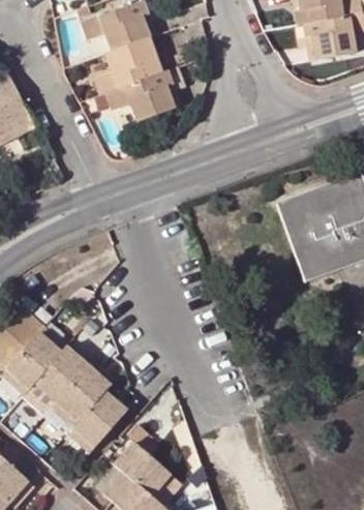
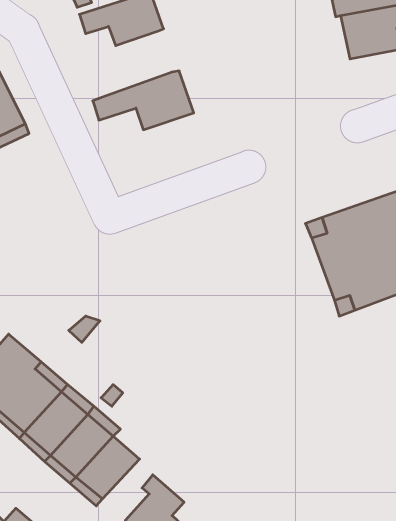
building: [90,38,158,96] -> none

